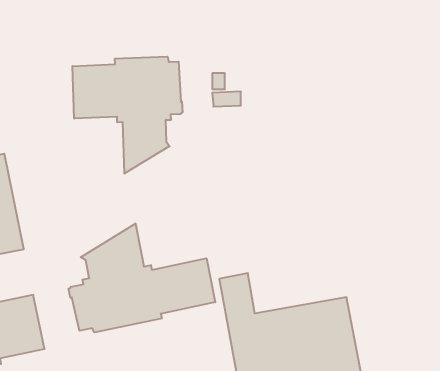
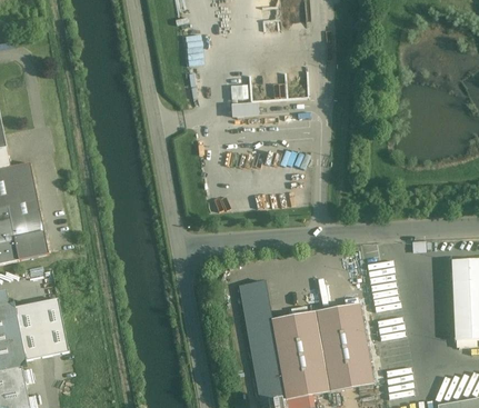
building: [72,57,182,174] -> none
building: [69,223,215,332] -> none

